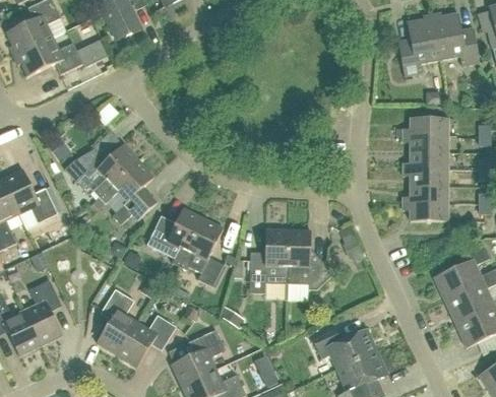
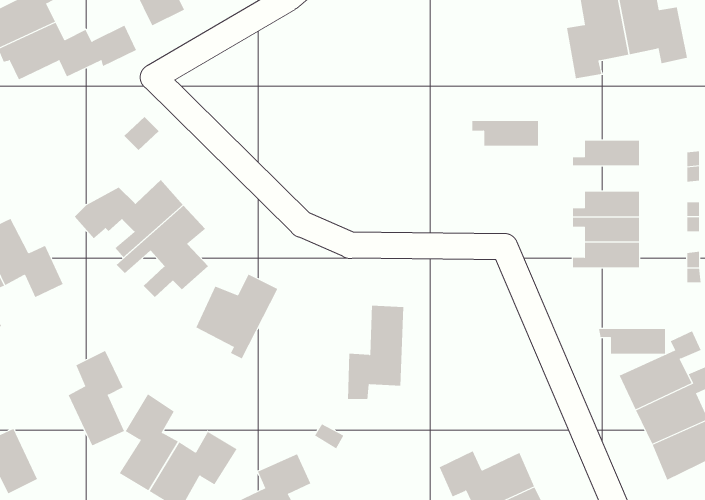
building: [401,134,447,151] -> [471,121,539,146]
building: [401,203,447,220] -> [598,329,666,354]
building: [178,217,223,285] -> none
building: [286,229,332,288] -> none
building: [23,281,62,346] -> [68,350,125,446]

